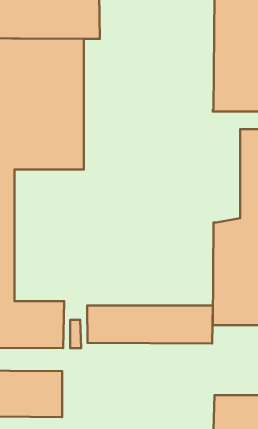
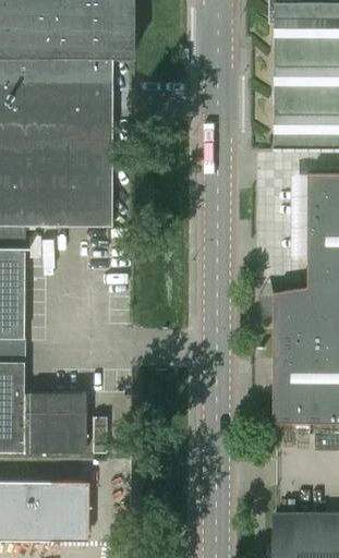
building: [87,305,213,343] -> none

